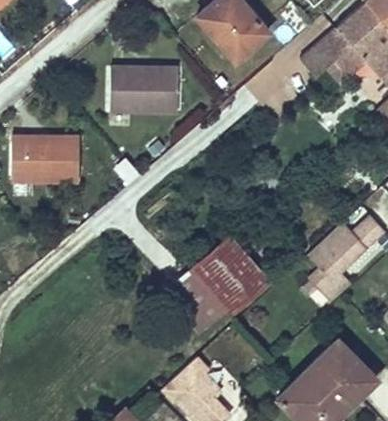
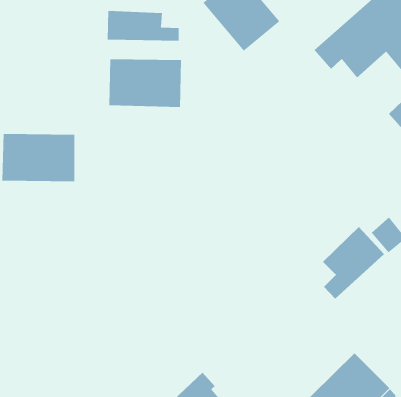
building: none -> [107,10,179,41]
building: [166,236,270,332] -> none

